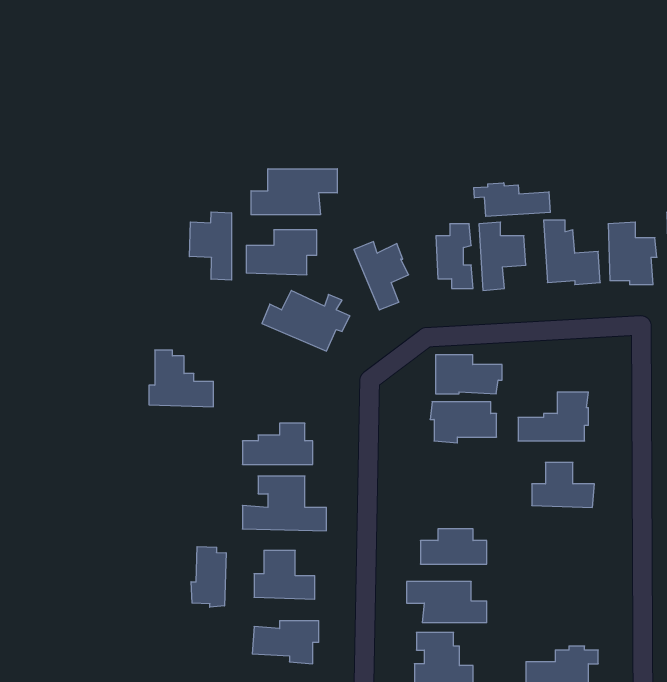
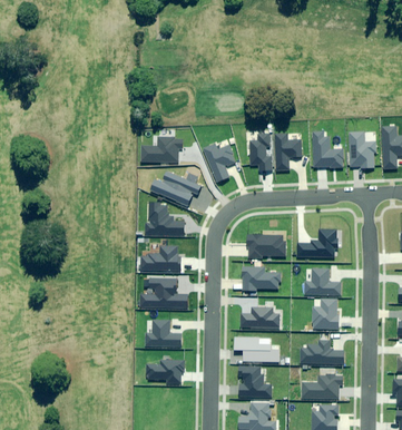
building: [251,169,337,215] -> none
building: [474,183,550,216] -> none
building: [189,212,231,280] -> none
building: [149,350,213,407] -> [147,202,184,234]
building: [436,355,502,394] -> [243,266,281,289]
building: none -> [313,299,339,329]
building: [191,547,226,607] -> none
building: none -> [301,340,344,363]

